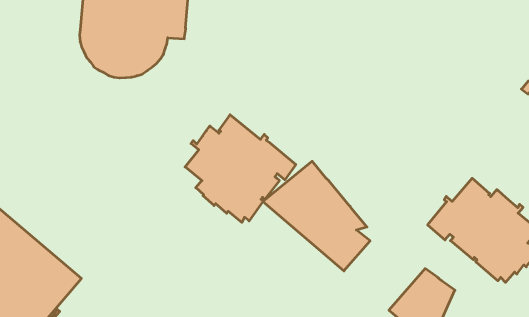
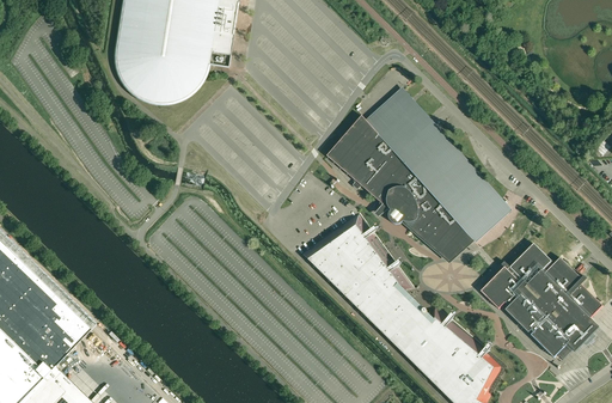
building: none -> [326,90,508,257]
building: [185,115,296,222] -> none
building: none -> [385,304,475,381]

